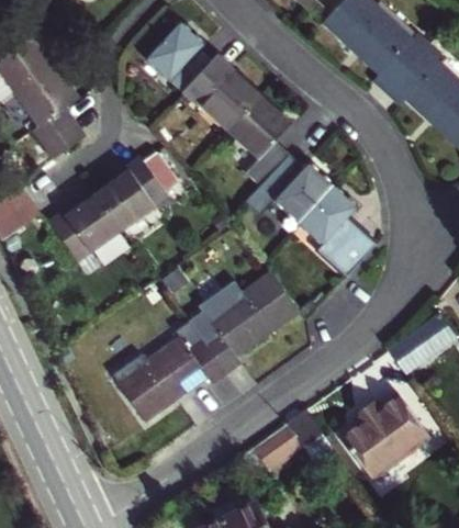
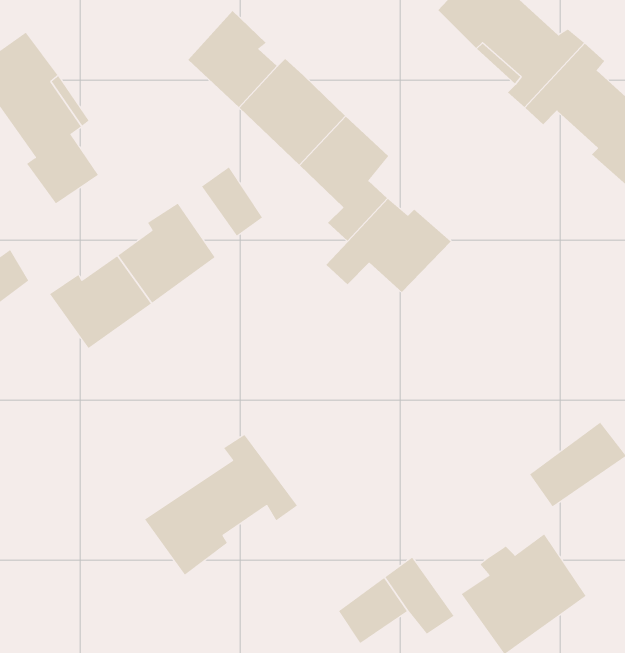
building: none -> [201,167,263,236]
building: [299,184,377,276] -> none
building: [188,273,299,371] -> none

